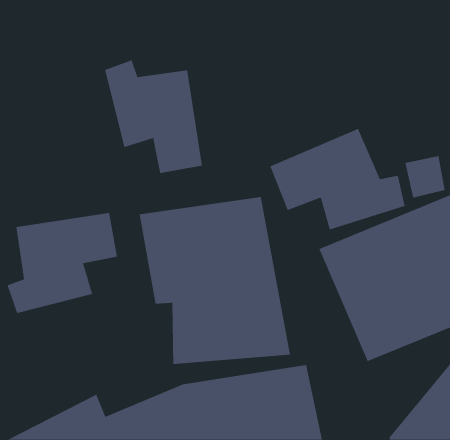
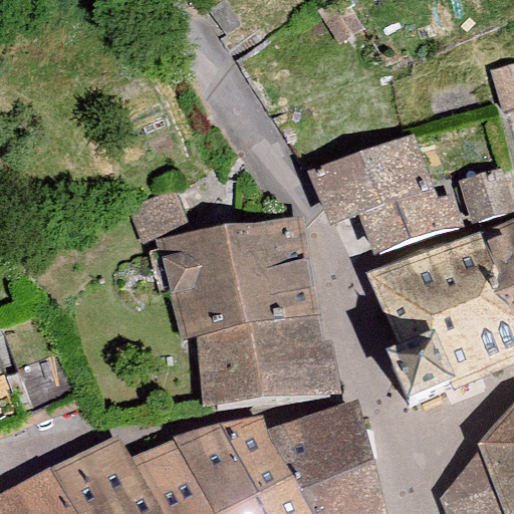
building: [104,59,202,174] -> none
building: [7,212,117,314] -> none

